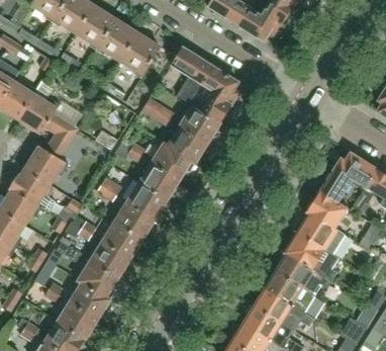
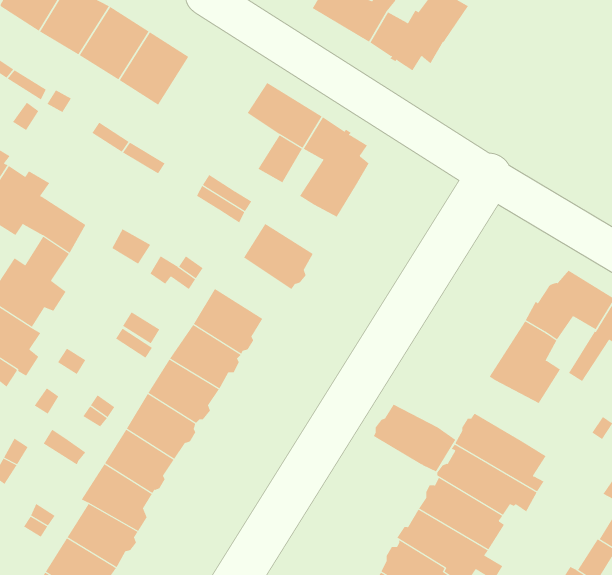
building: [120,32,160,74] -> none
building: [180,105,220,143] -> none
building: [152,142,195,179] -> none
building: [297,213,344,252] -> [373,404,456,472]

